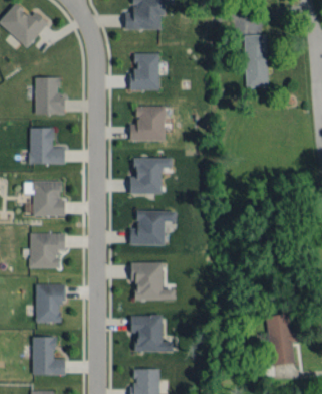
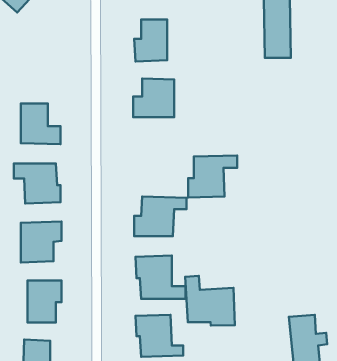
building: [35,77,65,114] -> none
building: [130,157,174,194] -> [188,155,237,197]
building: none -> [185,276,235,326]

